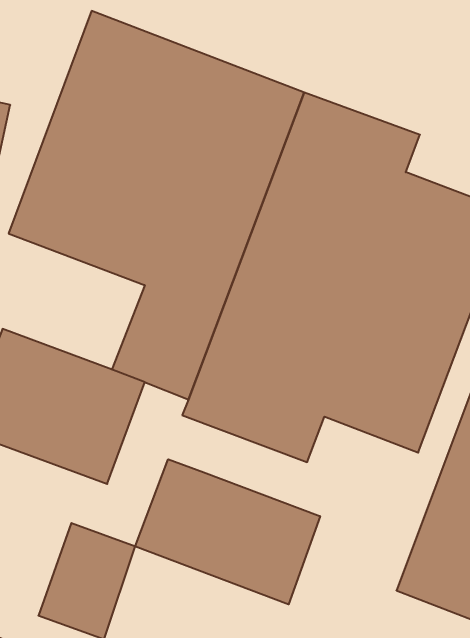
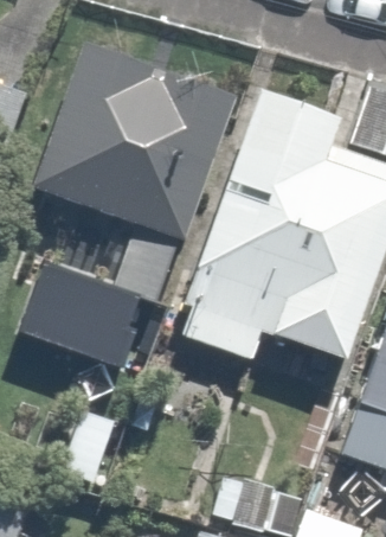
building: [135,459,320,604] -> none

